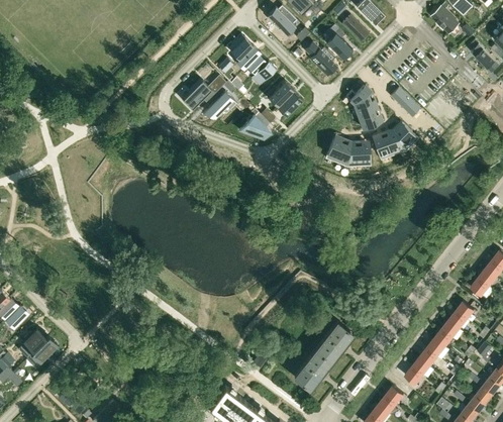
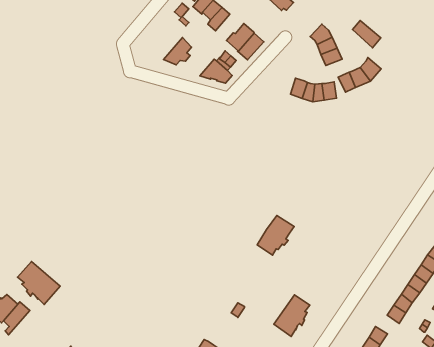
building: [183,76,226,110] -> none
building: none -> [18,261,60,305]
building: [316,322,354,360] -> [257,215,294,255]

